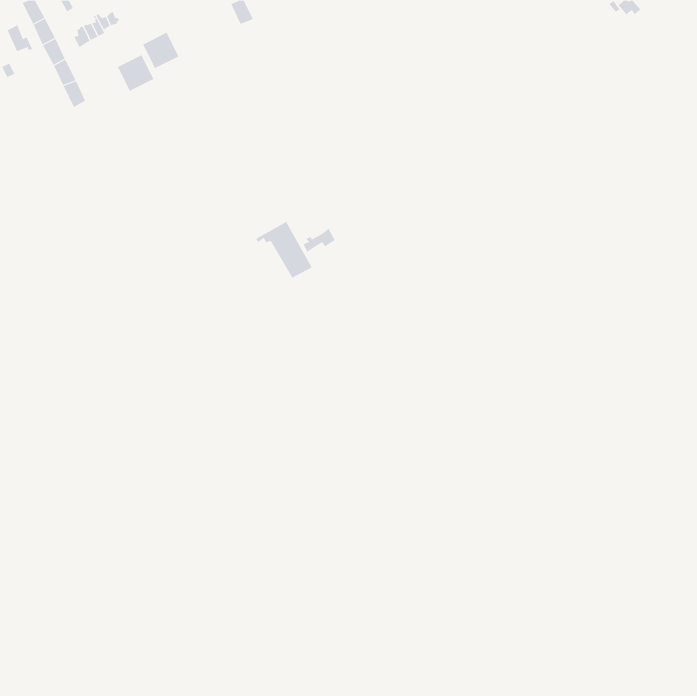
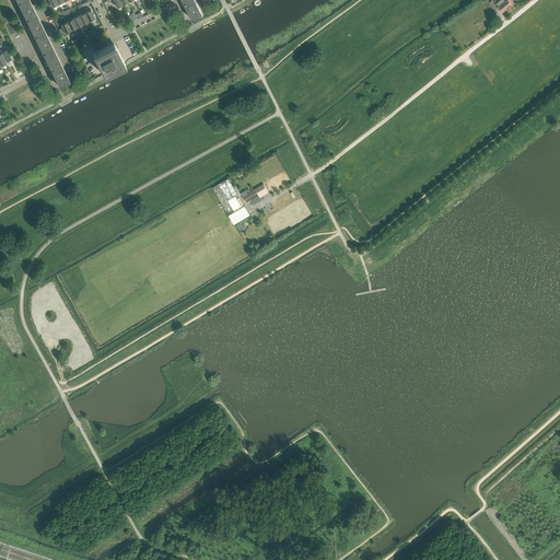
building: [143,32,179,69] -> none

